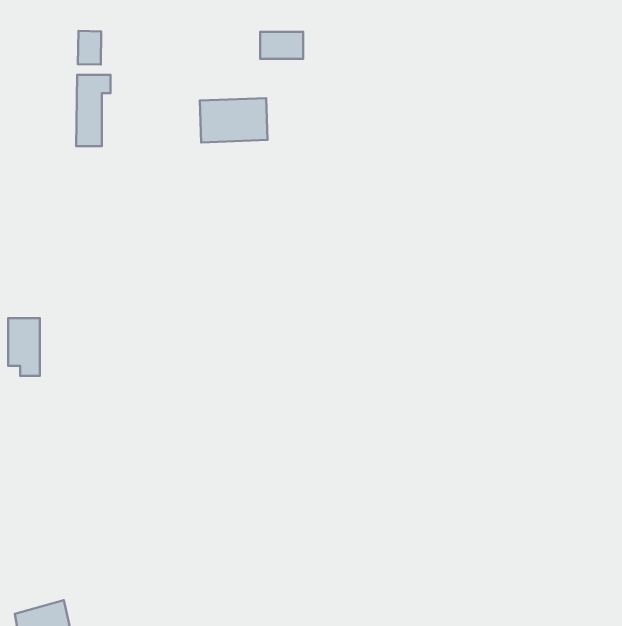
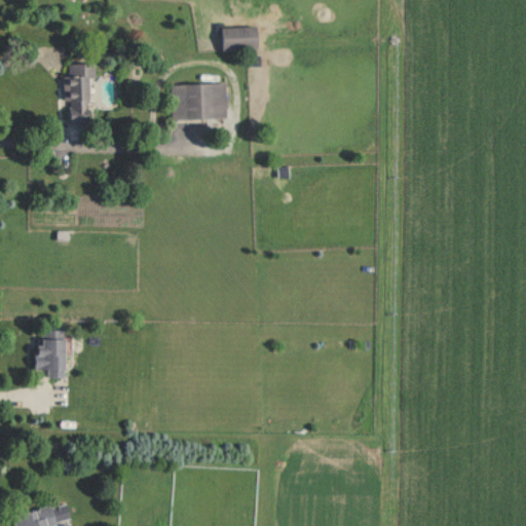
building: [78,31,101,65] -> none
building: [8,318,40,376] -> [39,330,66,378]

